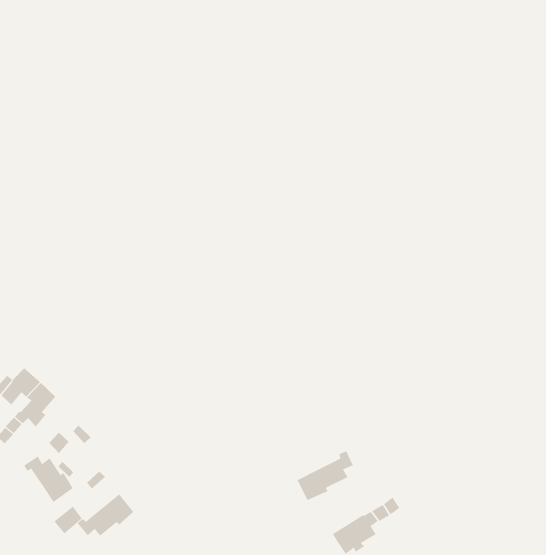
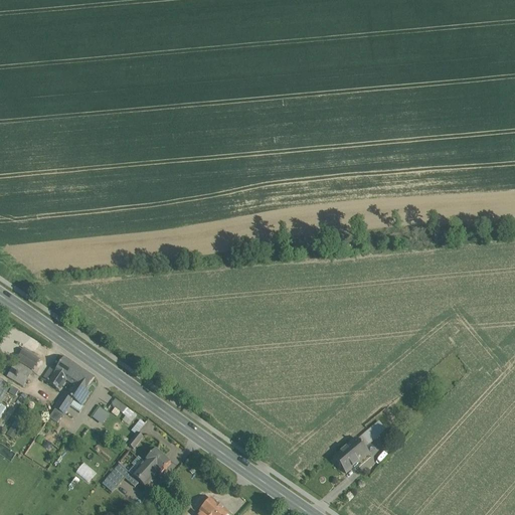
building: [297,450,354,501] -> none
building: [24,455,73,503] -> none

